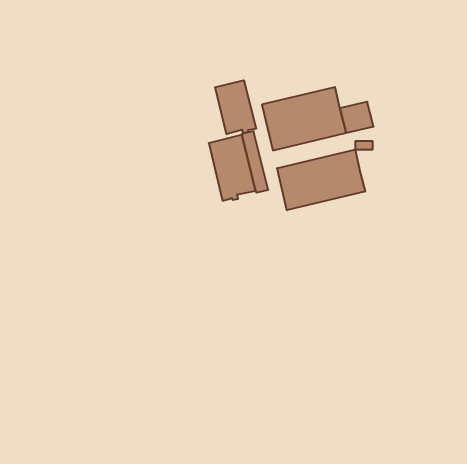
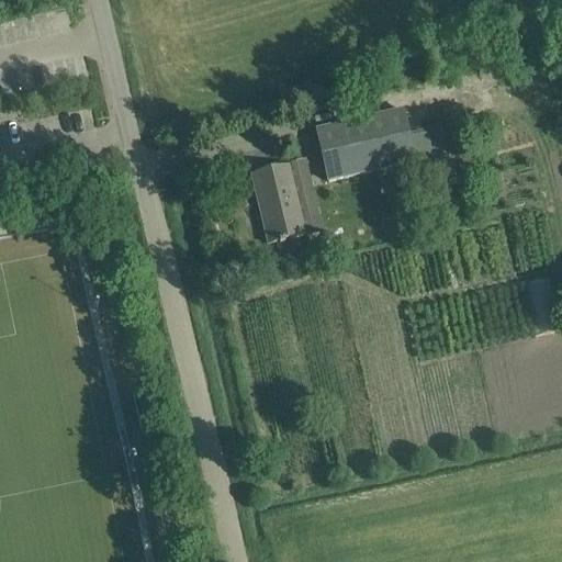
building: [215,80,256,134] -> none
building: [277,149,365,210] -> none

